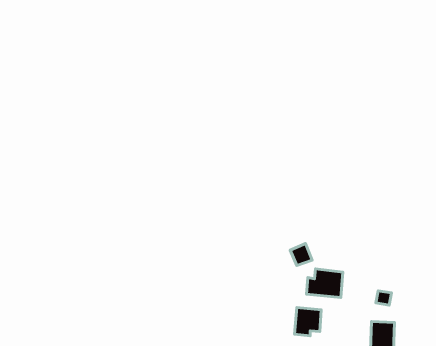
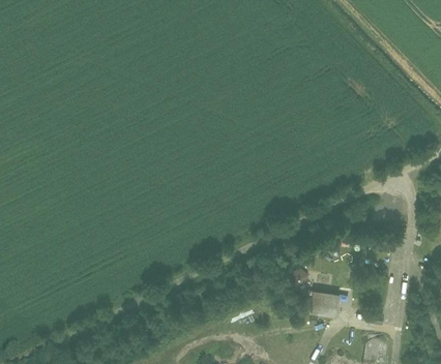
building: [294,307,321,336] -> none

